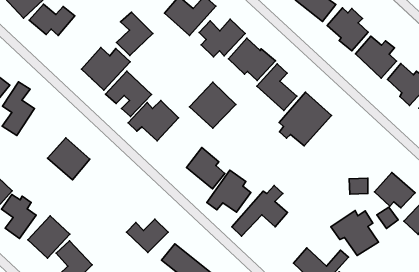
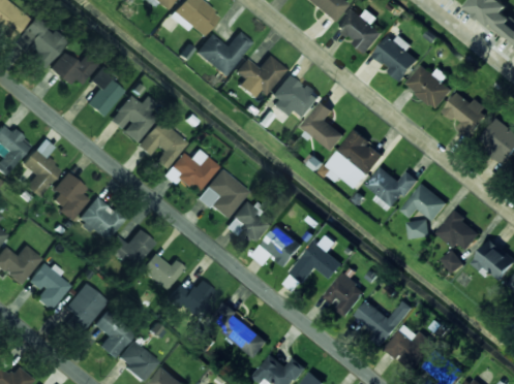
building: [116,12,153,55] -> [84,69,123,117]
building: [190,82,236,128] -> [196,169,247,220]
building: none -> [53,173,87,222]
building: none -> [367,167,417,212]
building: none -> [401,183,448,221]
building: none -> [104,230,153,269]
building: none -> [140,254,183,290]
building: [331,210,379,256] -> none
building: none -> [324,273,367,317]

